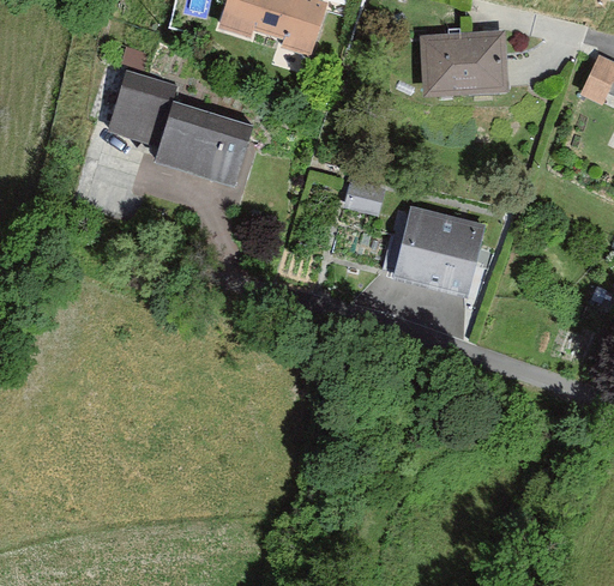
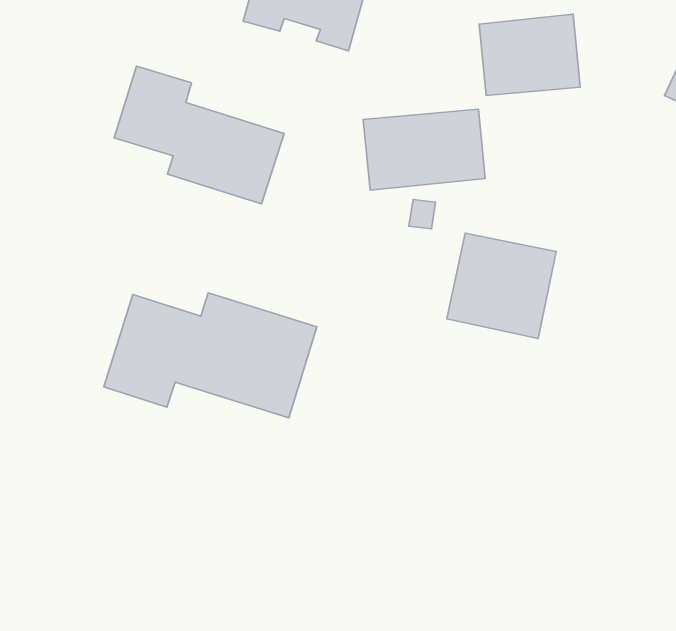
building: none -> [363,109,485,190]
building: none -> [104,293,317,418]

